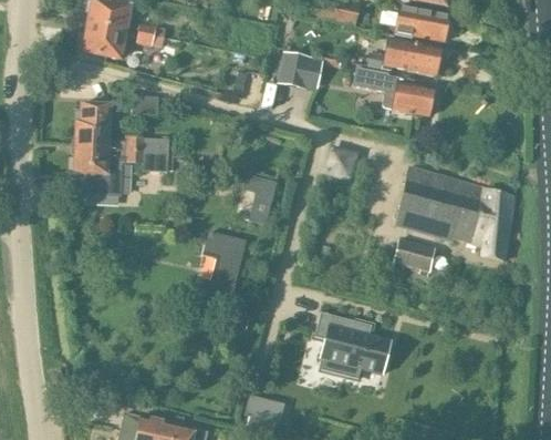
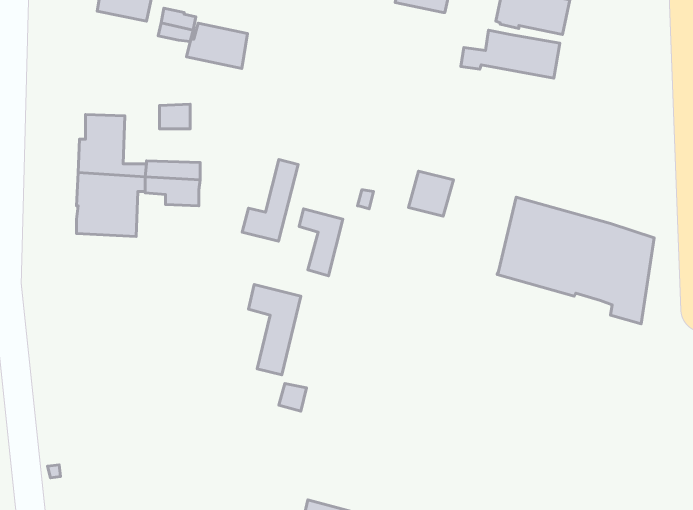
building: [81,23,127,58] -> [186,23,248,68]
building: [279,53,311,86] -> none
building: [354,68,434,115] -> none
building: none -> [242,160,298,241]
building: [393,238,434,270] -> none
building: [314,313,391,379] -> none

